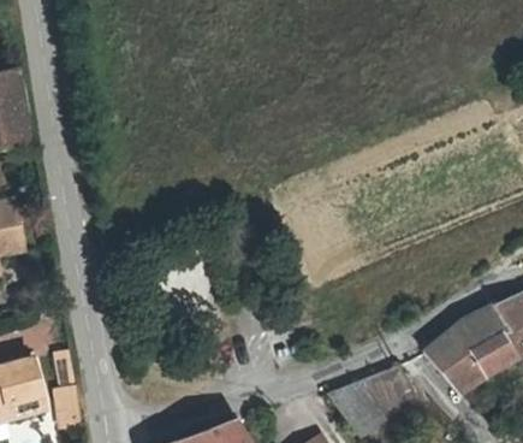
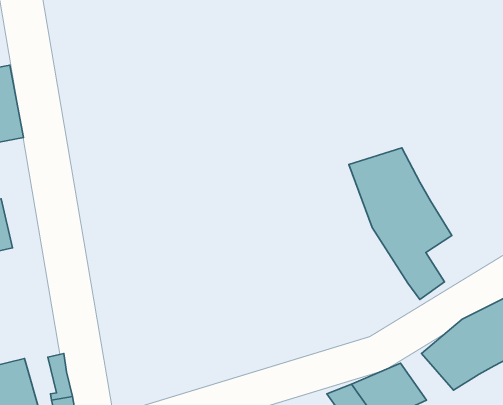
building: none -> [349,148,452,300]

